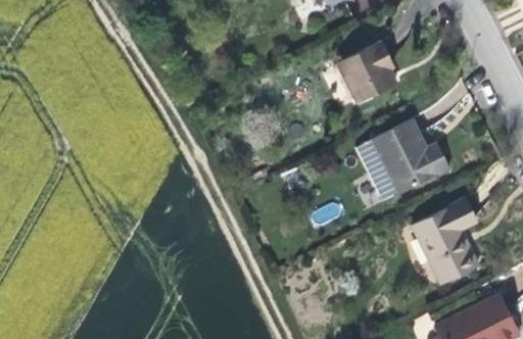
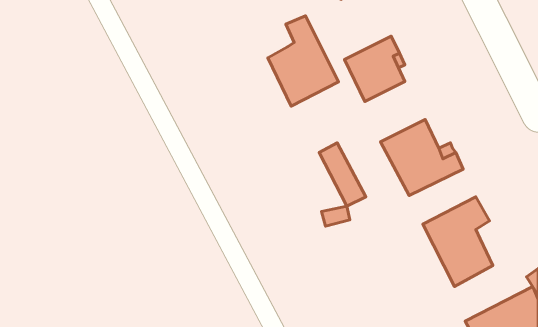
building: none -> [268,16,339,106]
building: [352,143,397,204] -> [319,143,366,206]

